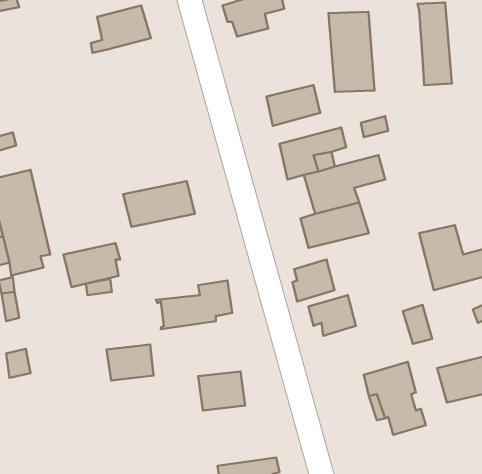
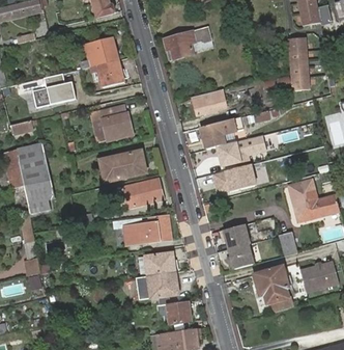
building: [328,12,375,92] -> none
building: none -> [90,59,123,86]
building: none -> [32,73,77,107]
building: none -> [94,106,128,139]
building: [63,243,120,287] -> [125,179,162,207]
building: [292,259,335,302] -> [227,243,254,270]
building: [106,345,153,380] -> [145,252,175,275]
building: none -> [156,300,192,324]

